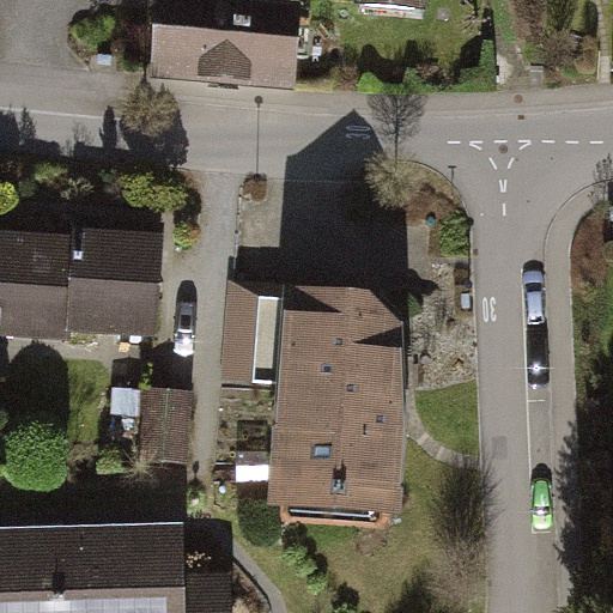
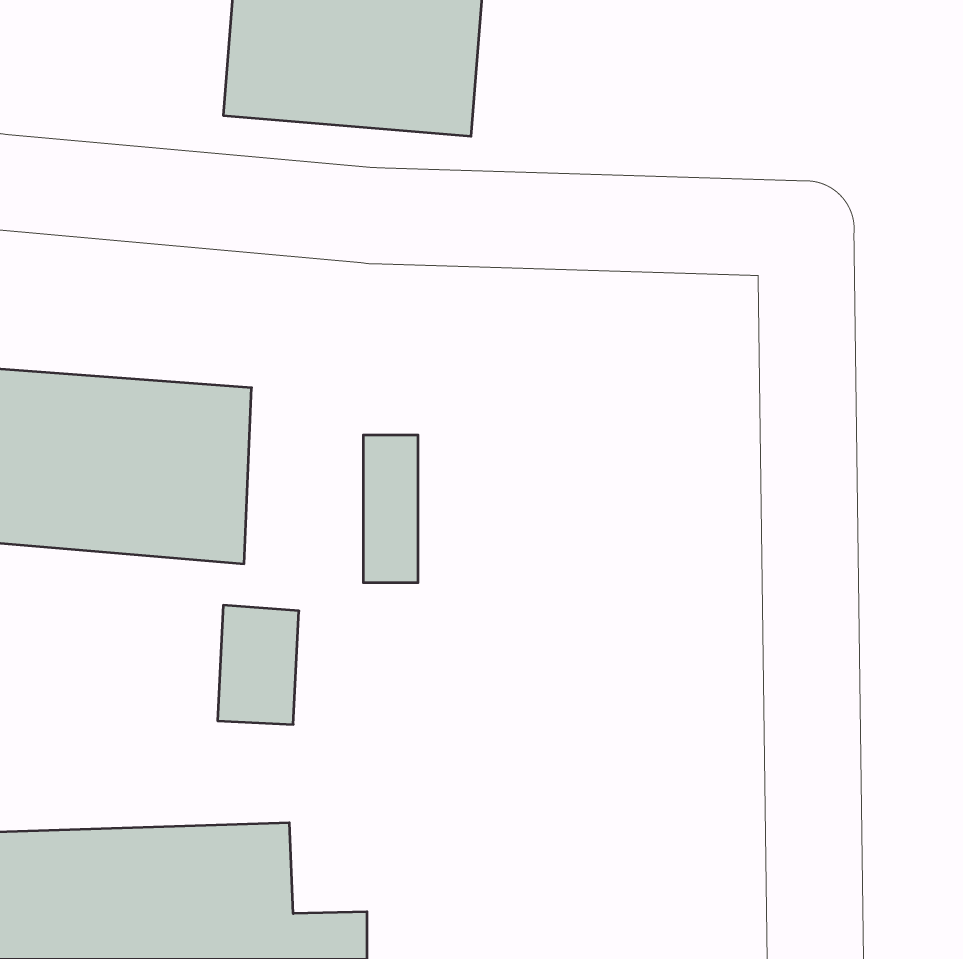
building: [254,296,421,516] -> none

